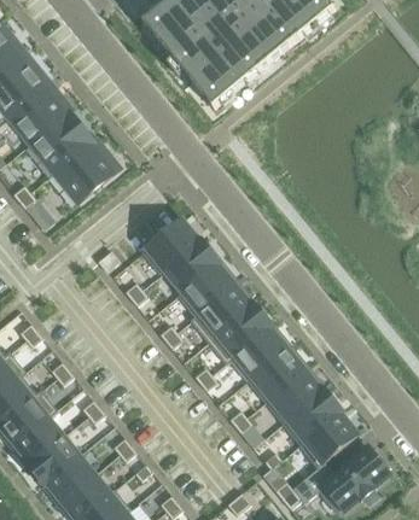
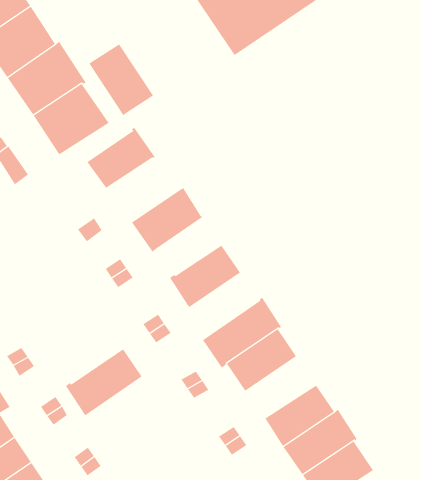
building: none -> [89,43,154,117]
building: [163,238,219,291] -> [87,127,155,189]
building: [188,284,250,341] -> [65,349,142,416]
building: [245,347,303,401] -> none

